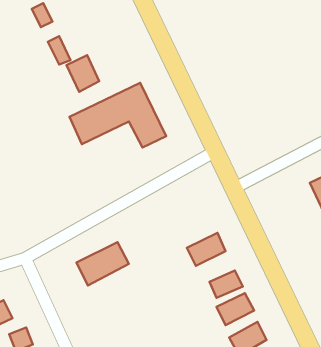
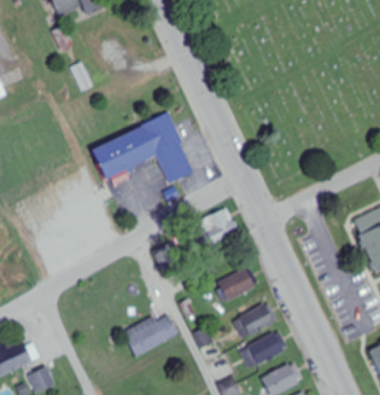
building: [66,55,99,92] -> none
building: none -> [201,209,236,243]
building: [77,242,129,285] -> [123,312,179,358]

